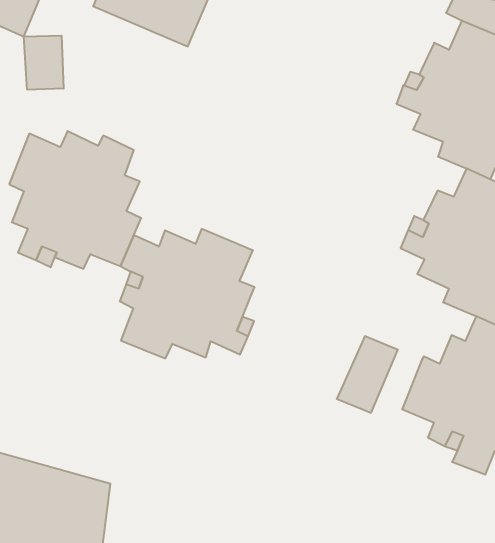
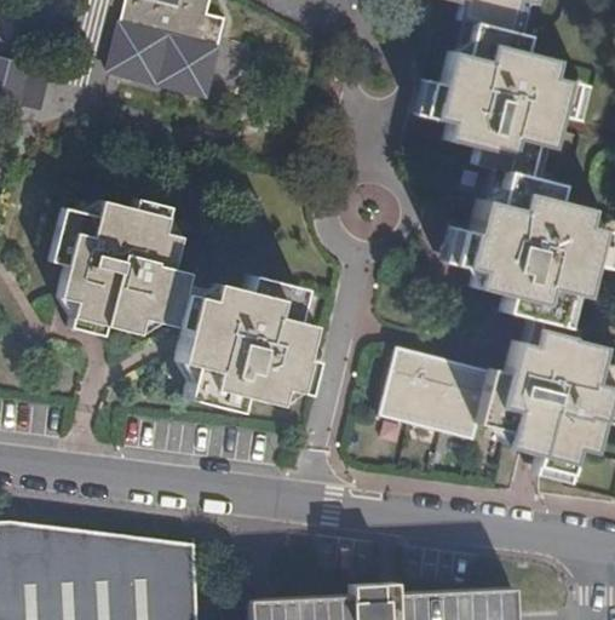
building: [24,36,64,90] -> none
building: none -> [380,346,427,423]
building: none -> [446,364,488,438]

